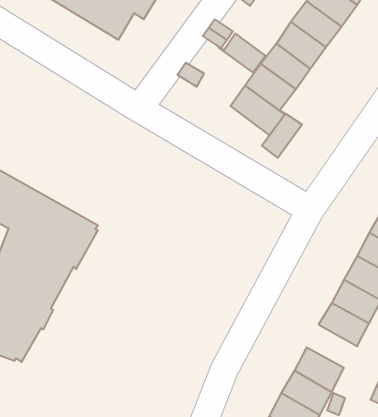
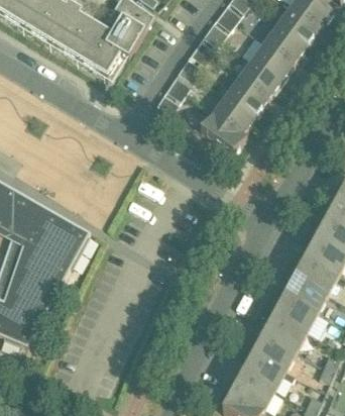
building: [219,34,266,73] -> none
building: [262,114,302,158] -> none
building: none -> [263,313,306,349]

